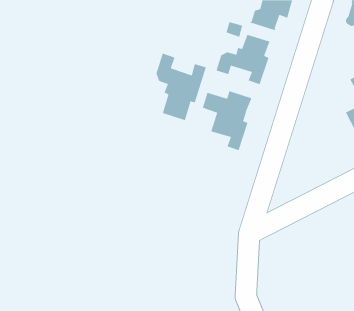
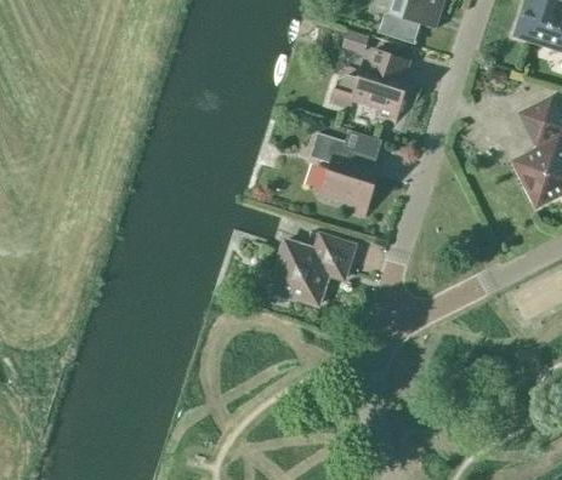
building: [155,53,207,121] -> none
building: none -> [268,234,353,304]

